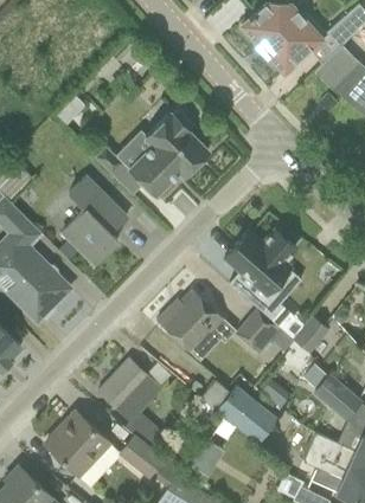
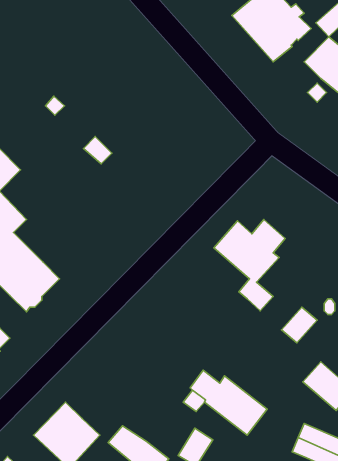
building: [129,112,210,196] -> none
building: [63,176,128,265] -> none
building: [158,290,223,350] -> none
building: [235,309,281,355] -> none
building: [98,359,168,451] -> none

